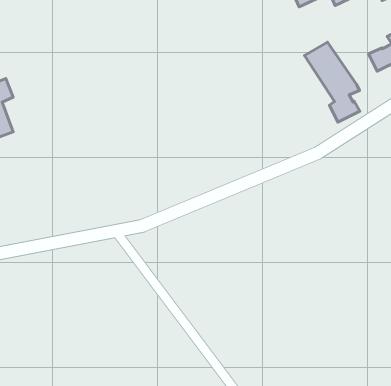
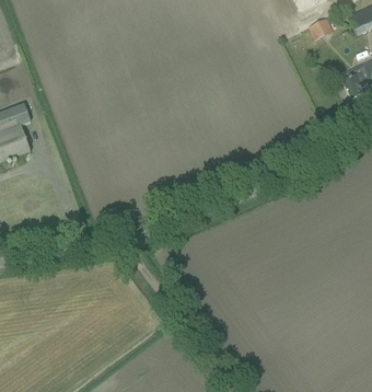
building: [305,42,360,122] -> none

